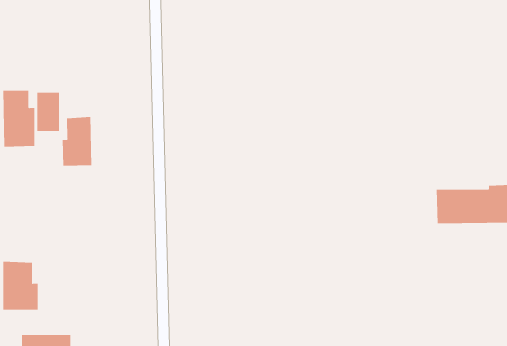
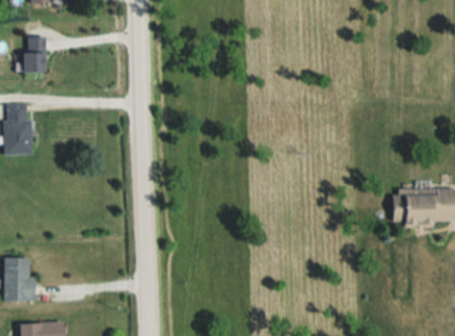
building: [37,92,60,132] -> [26,37,47,73]
building: [62,116,92,166] -> none

